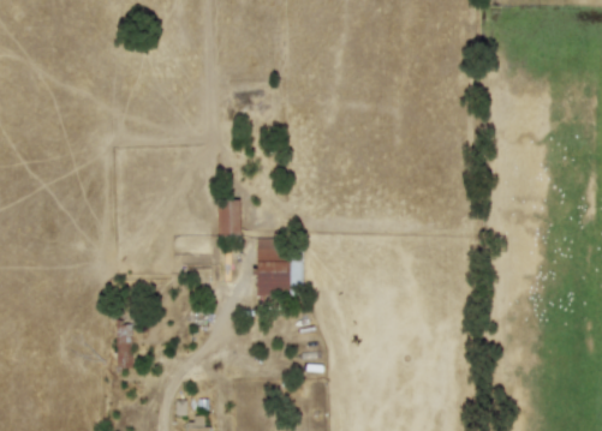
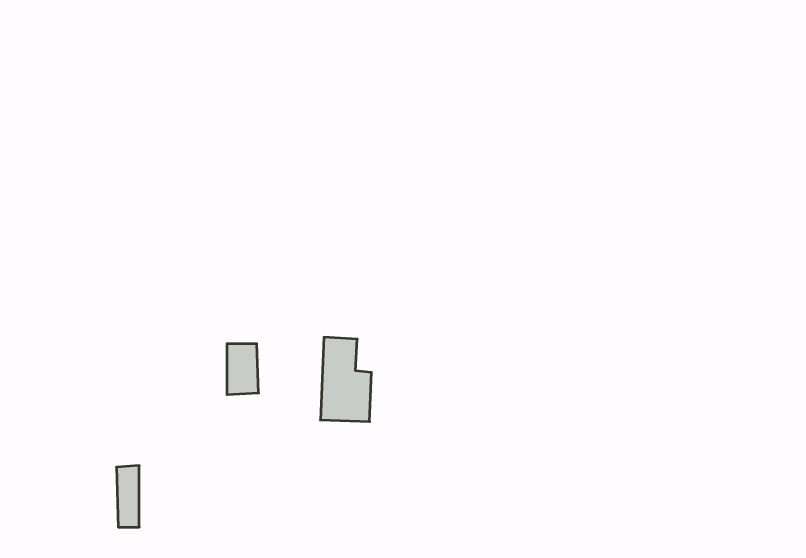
building: [219,199,240,234] -> [227,344,259,395]

